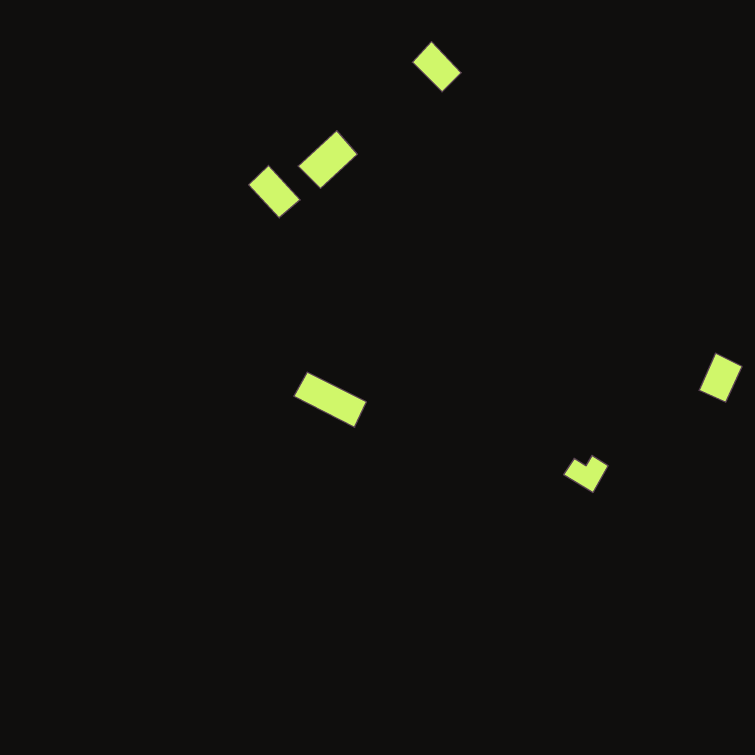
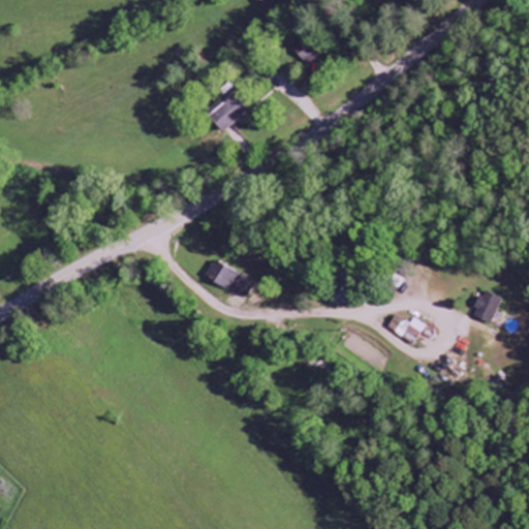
building: [249,165,300,218] -> none
building: [699,353,742,402] -> [471,288,501,322]

